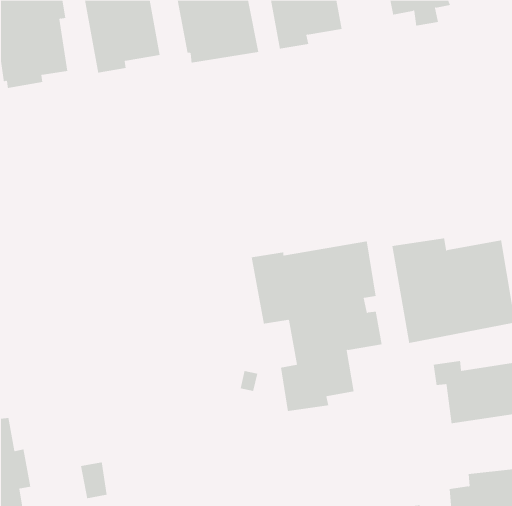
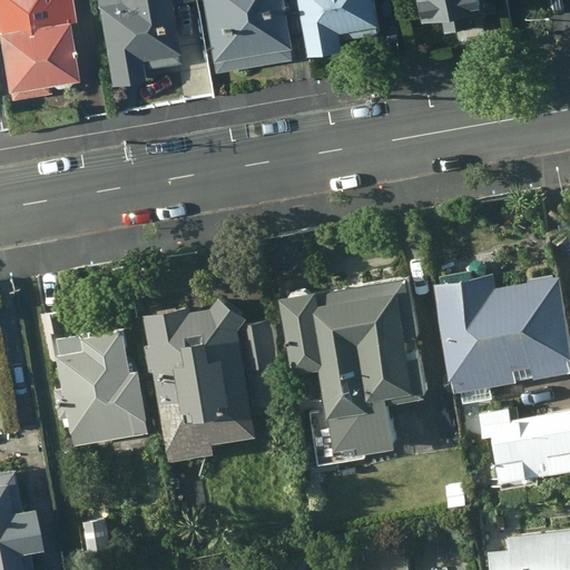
building: none -> [145,295,279,449]
building: none -> [43,313,149,446]

